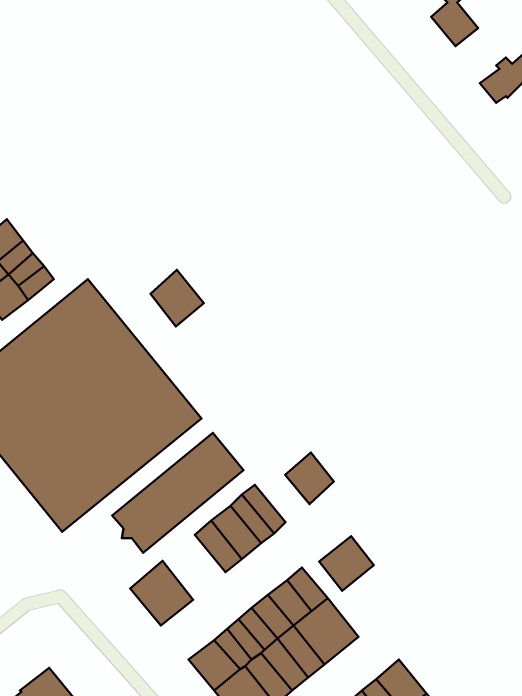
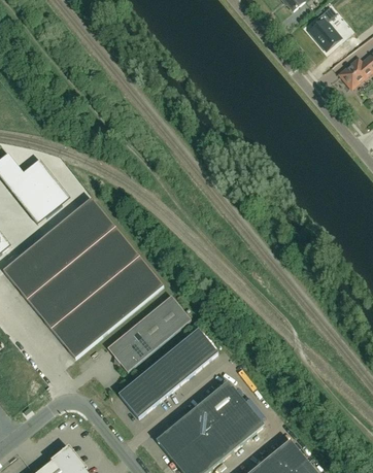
building: [151,270,204,327] -> none
building: [285,453,334,504] -> none
building: none -> [139,360,179,401]
building: [319,536,374,591] -> none

